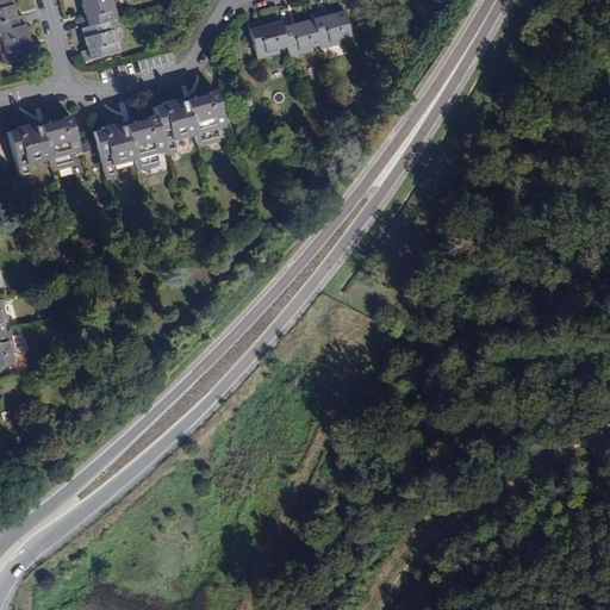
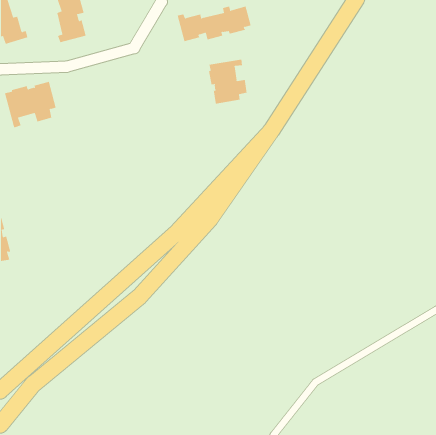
building: none -> [209,59,247,104]
building: [93,89,225,179] -> none

